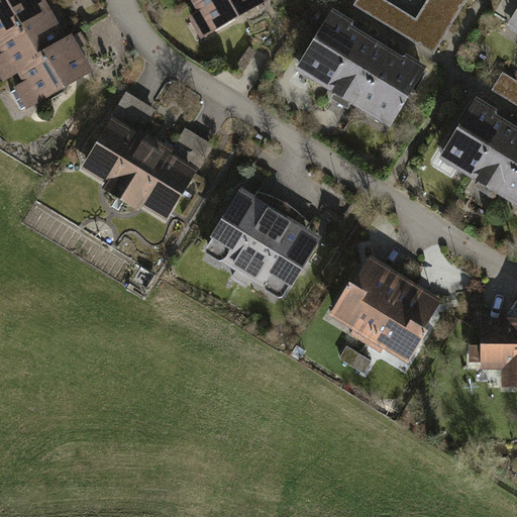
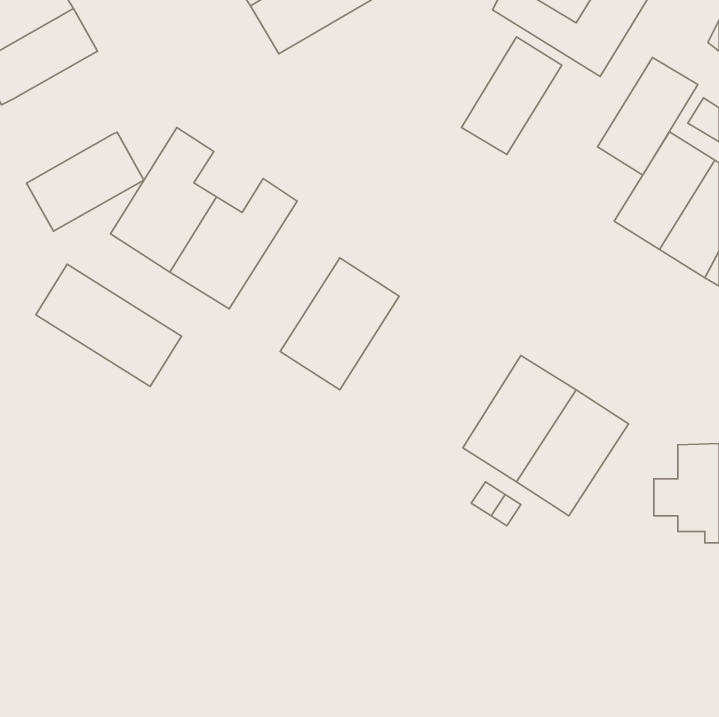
building: [297,6,369,91] -> none
building: [9,34,93,105] -> [26,132,144,231]
building: [361,46,433,130] -> [597,57,698,175]
building: none -> [36,264,182,387]
building: [242,211,324,303] -> none

